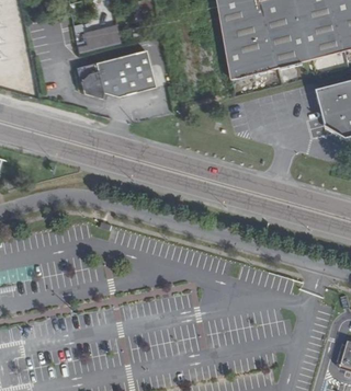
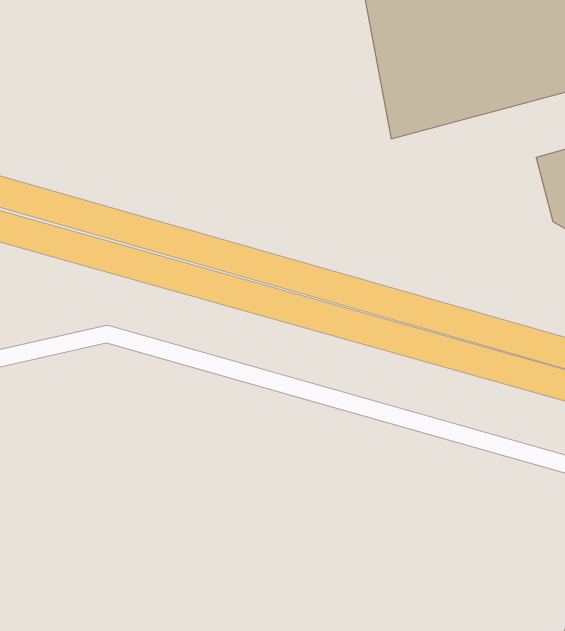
building: [82,25,117,53] -> none
building: [75,50,155,101] -> none

